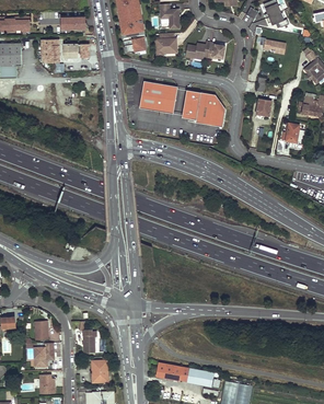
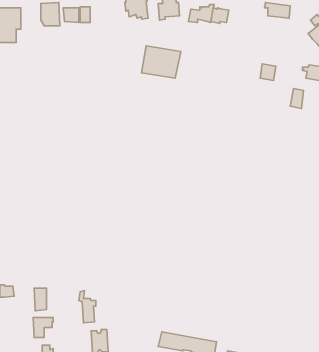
building: [182,90,224,126] -> none

